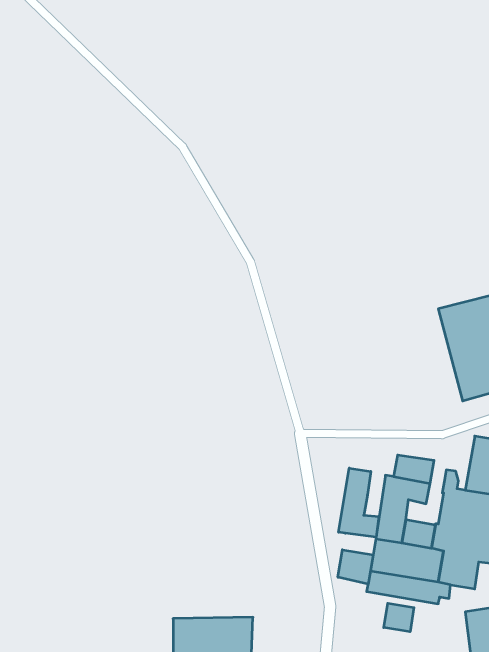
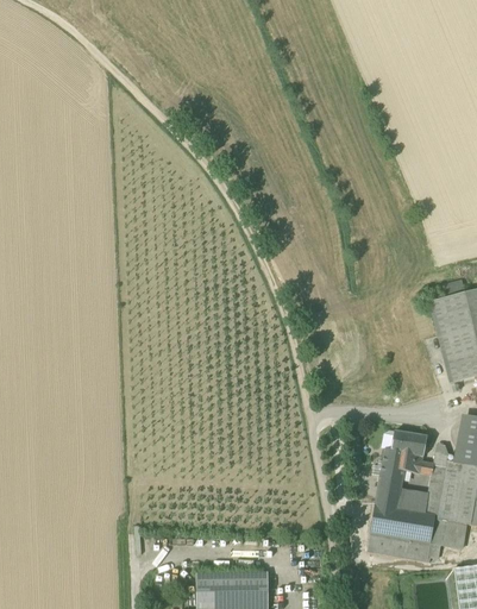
building: [339,468,379,537] -> none
building: [338,550,373,584] -> none
building: [384,603,414,632] -> none

